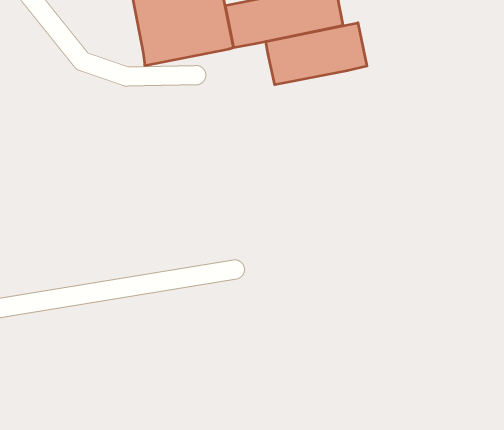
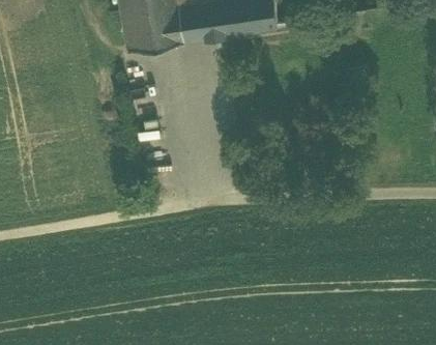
building: [266,23,367,85] -> none

